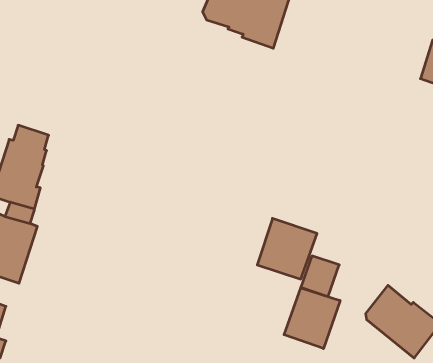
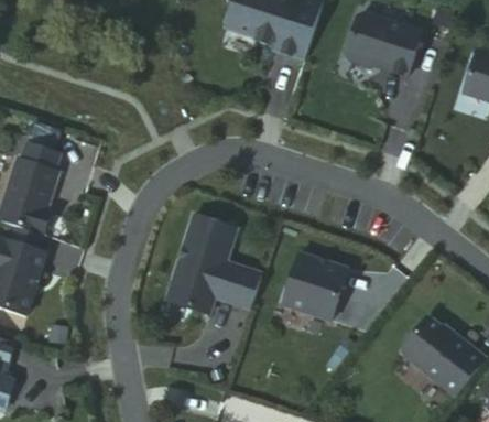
building: none -> [346,14,421,77]
building: none -> [169,206,264,305]
building: [284,288,340,349] -> none

